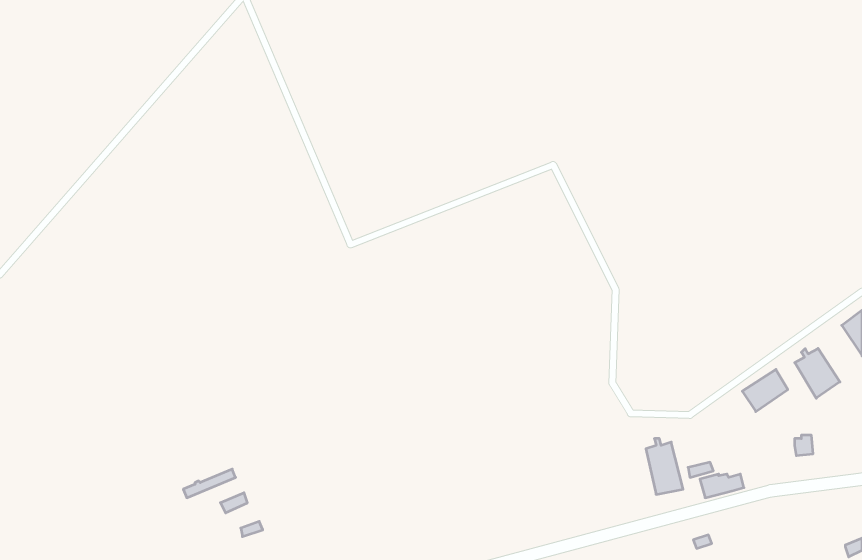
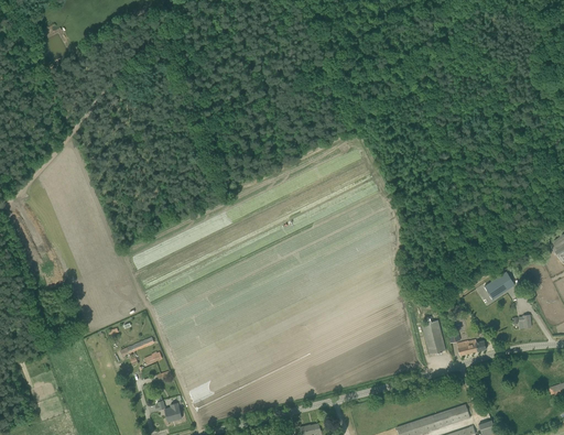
building: [795,348,840,398] -> none

